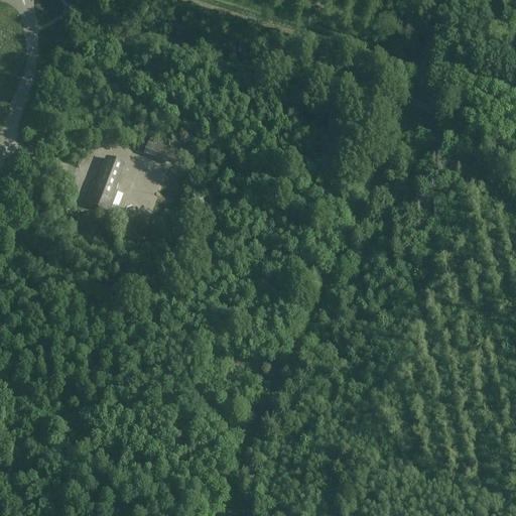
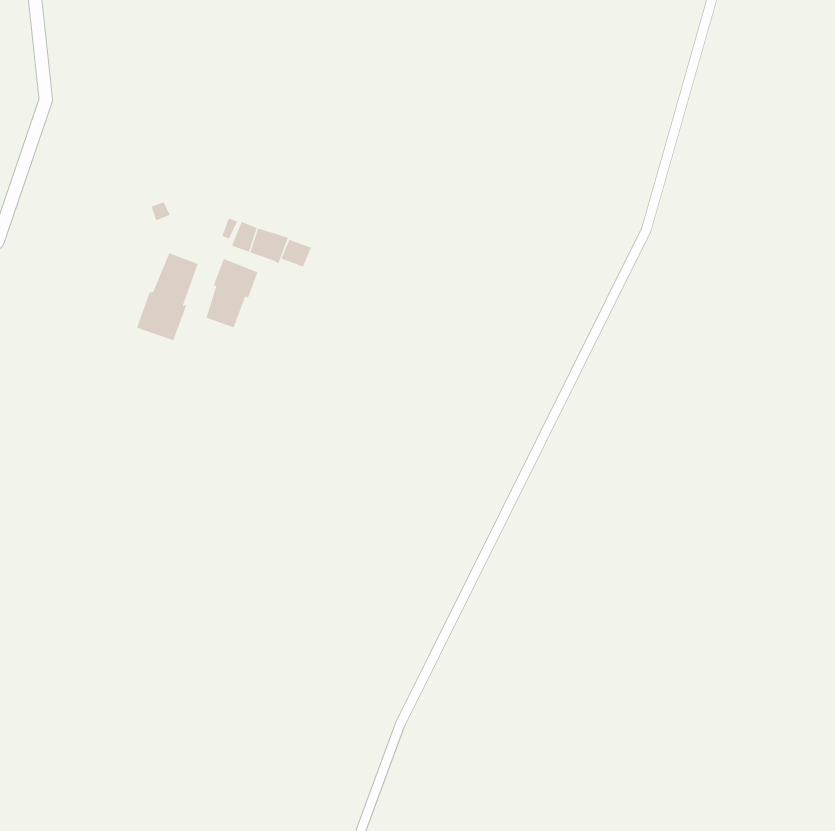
building: none -> [206,258,258,328]

